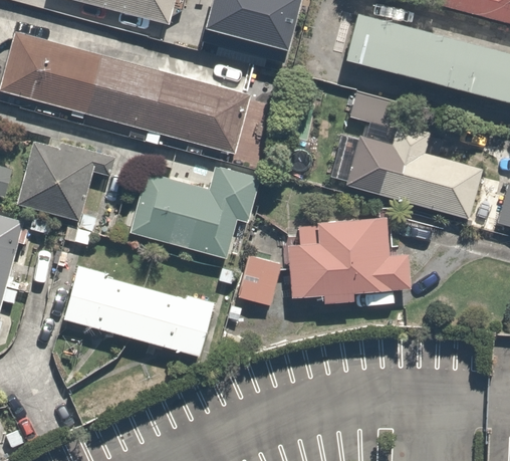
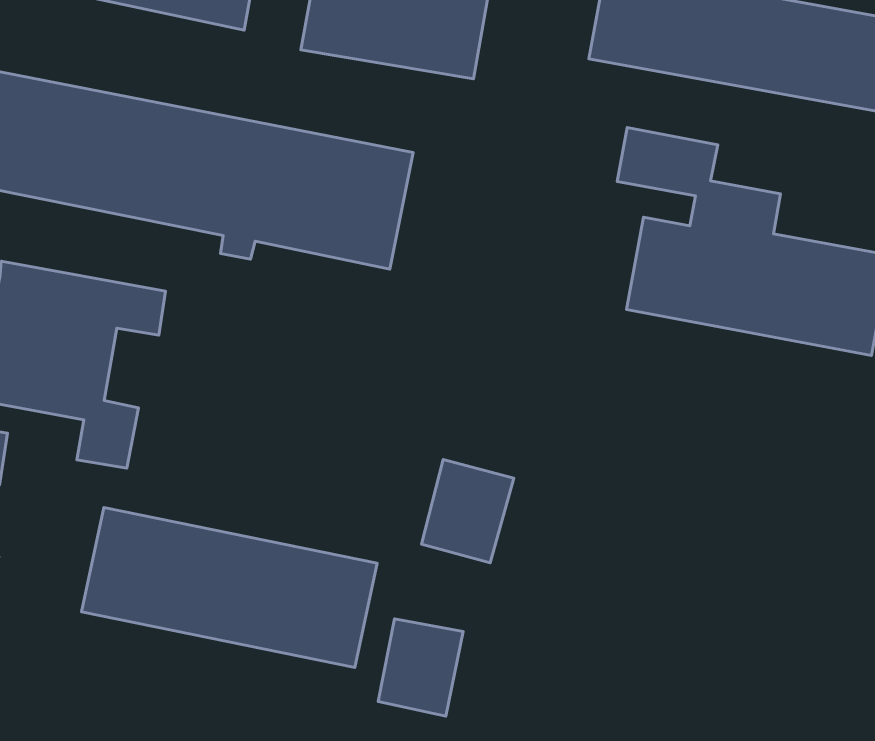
building: [130,165,263,264] -> none
building: [286,214,412,302] -> none
building: none -> [378,619,463,716]

